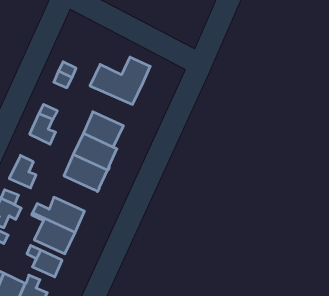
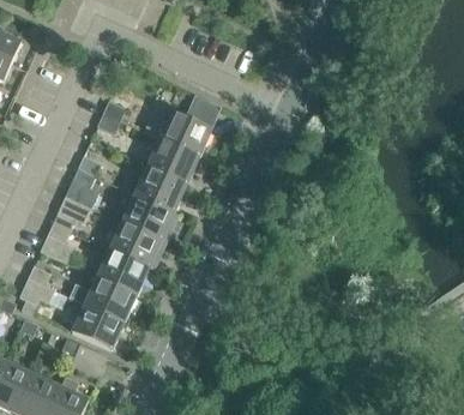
building: none -> [147,138,199,182]
building: none -> [54,193,92,229]
building: none -> [97,247,150,293]

